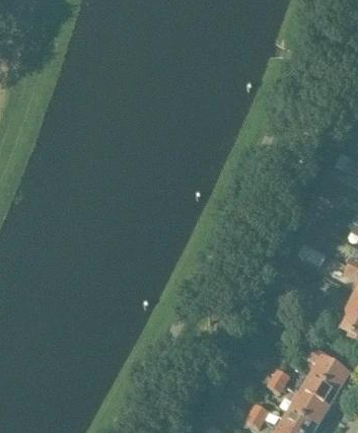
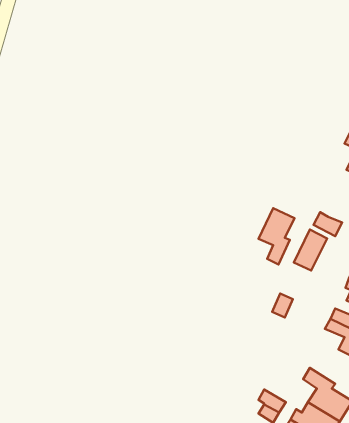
building: none -> [258,208,294,265]

